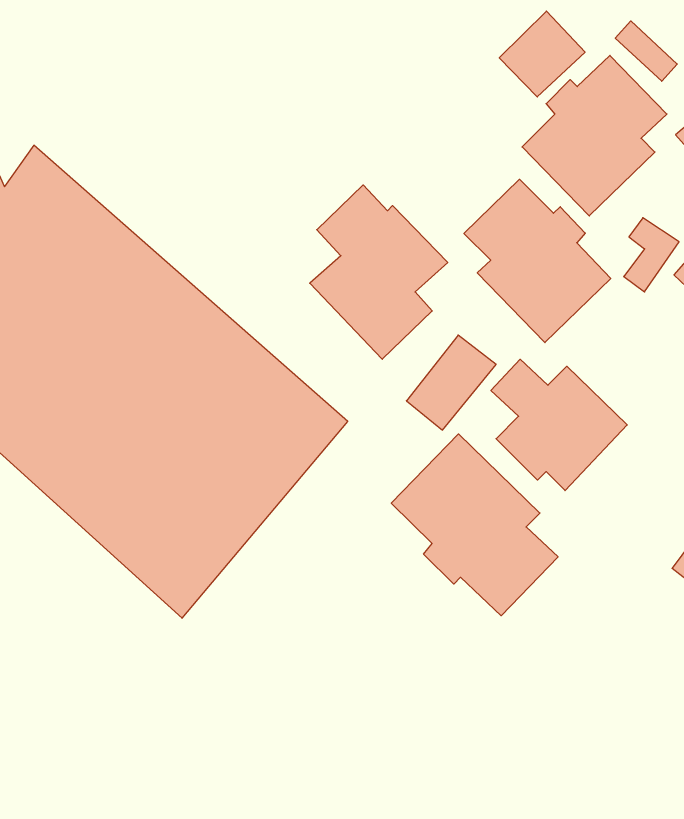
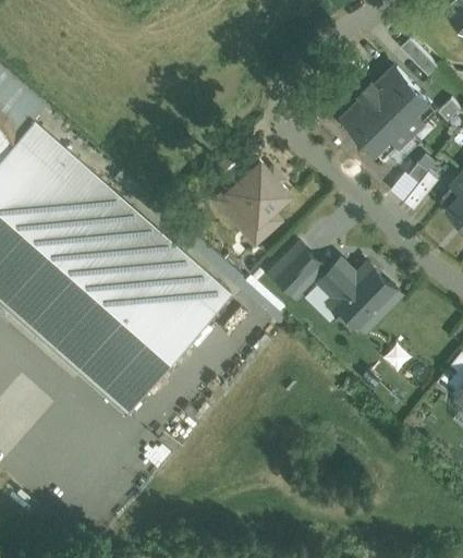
building: [499,11,585,97] -> none
building: [464,179,611,343] -> none
building: [391,434,558,616] -> none

